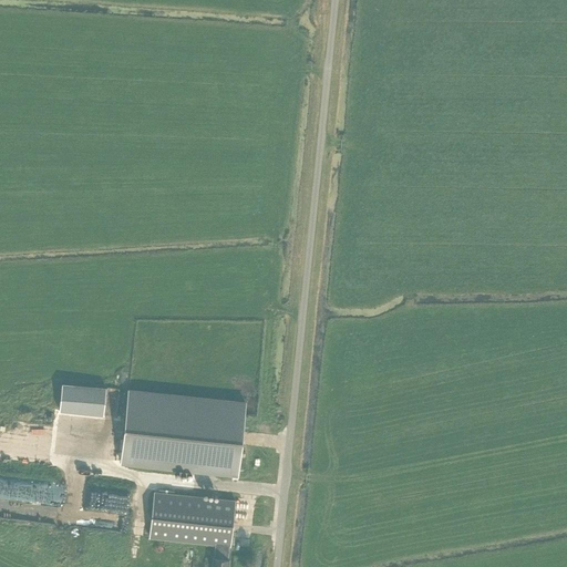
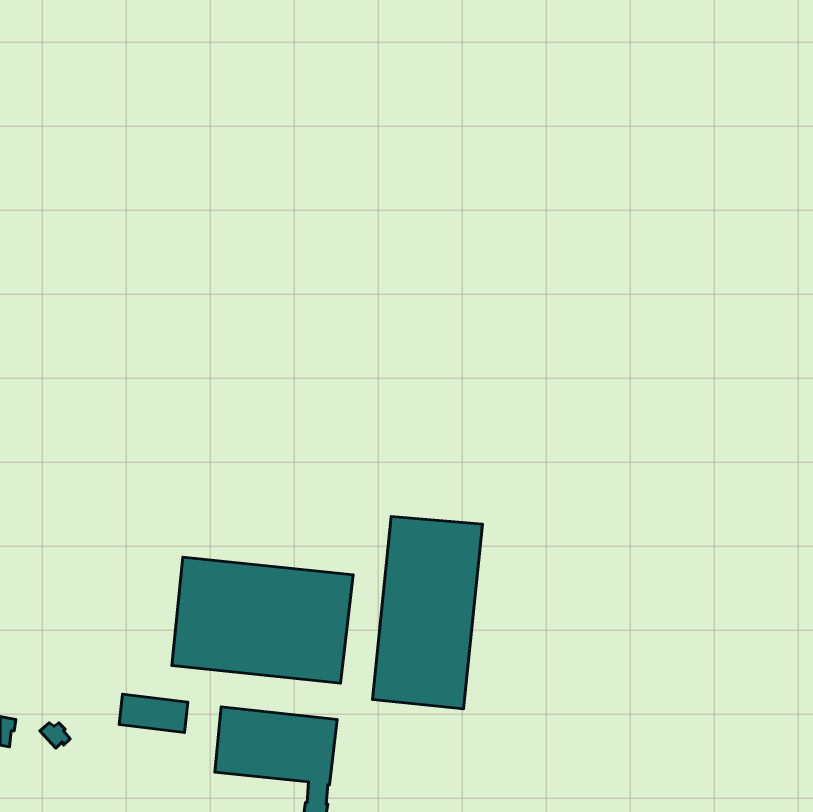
building: none -> [373,516,483,709]
building: [59,384,105,416] -> none

